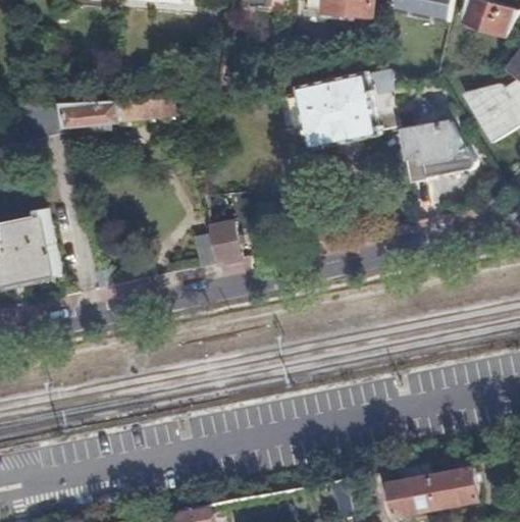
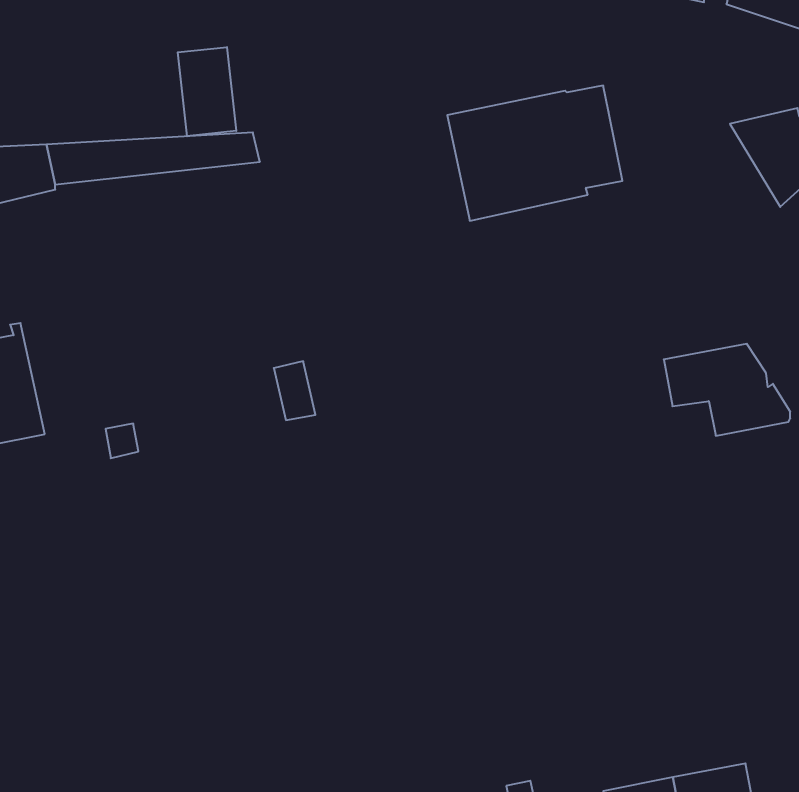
building: none -> [178,47,236,136]
building: [401,120,475,174] -> [664,344,790,436]
building: [210,221,242,263] -> none

